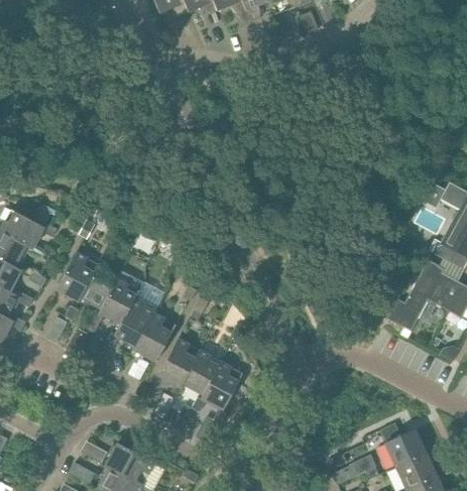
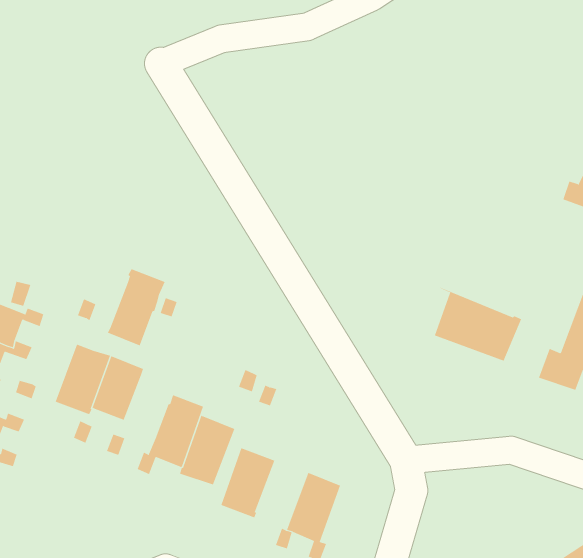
building: none -> [434,287,522,362]
building: [99,270,143,324] -> [107,269,166,346]
building: [182,350,221,394] -> none

